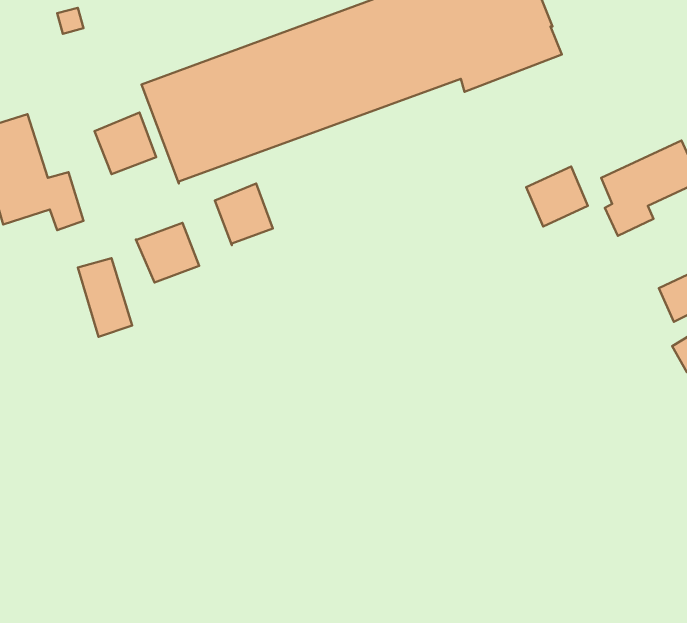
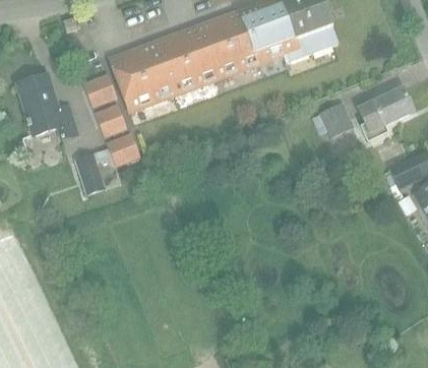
building: [215,184,273,245] -> [95,104,126,137]

